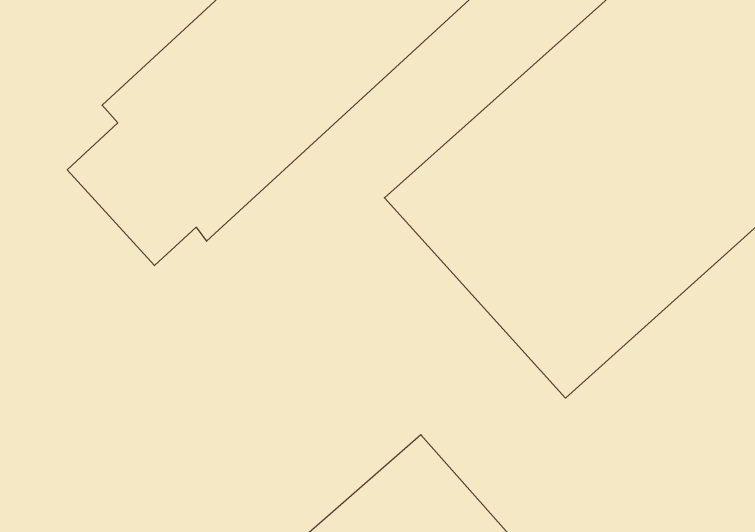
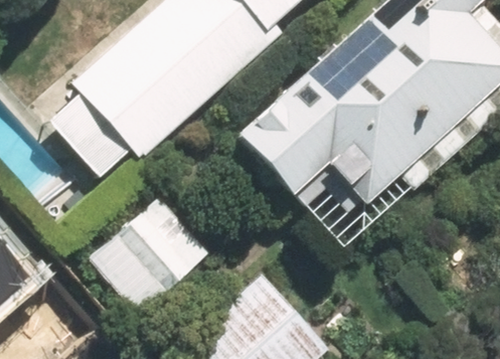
building: none -> [91,191,212,312]

